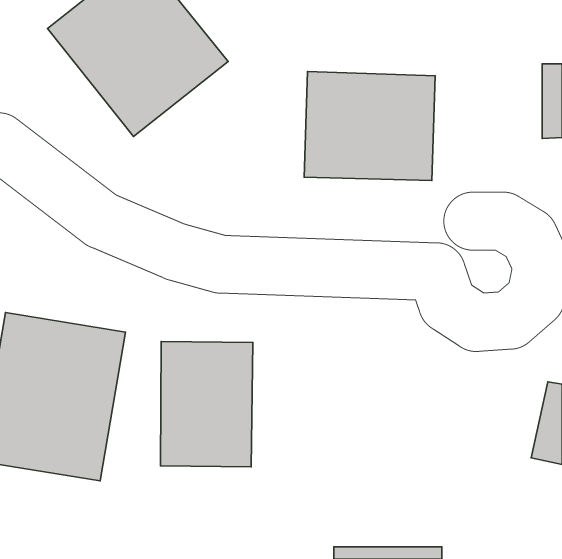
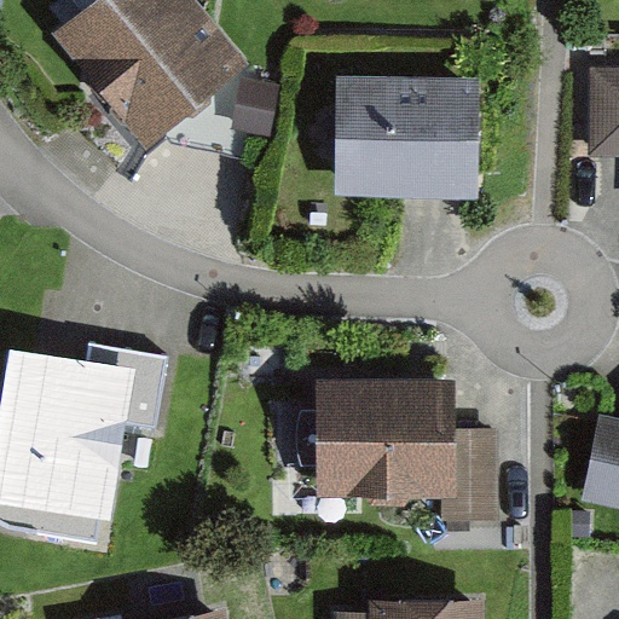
building: [161,342,253,467] -> none
building: none -> [317,384,494,517]

